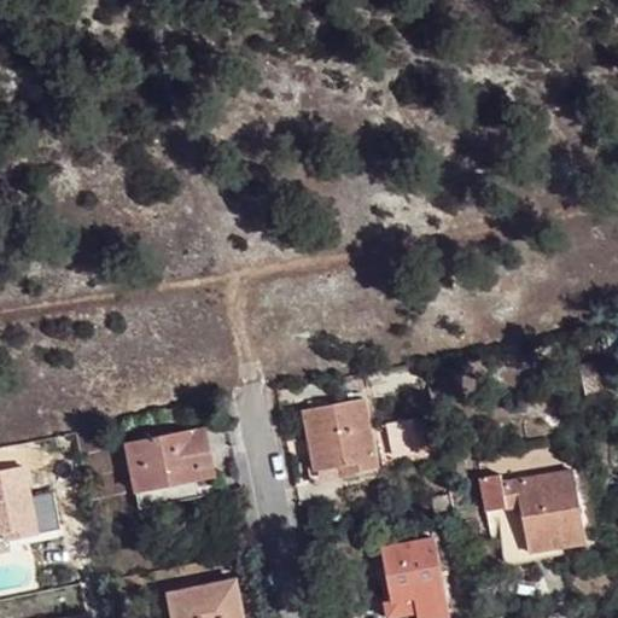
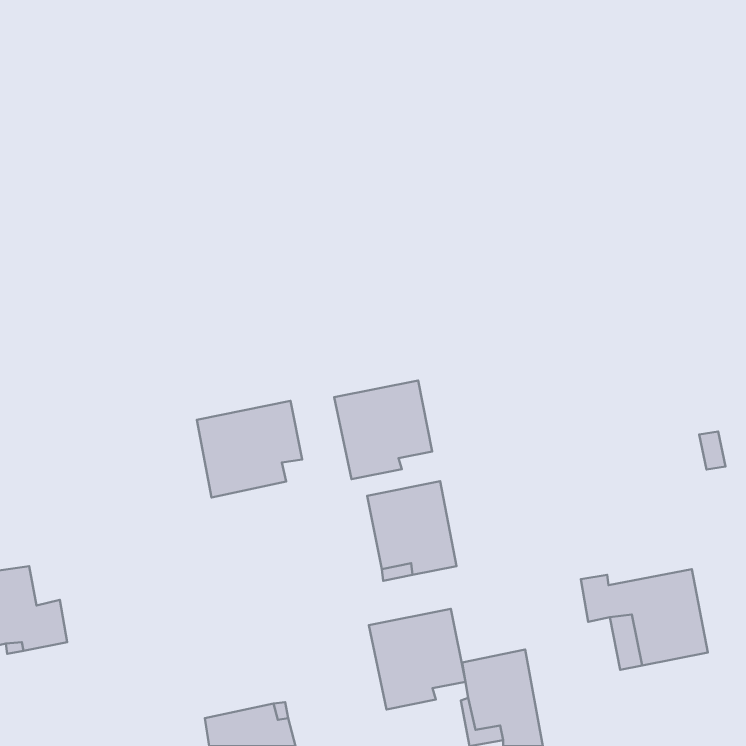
building: none -> [334,381,432,479]
building: [128,428,215,508] -> [197,401,302,497]
building: none -> [369,609,465,709]

